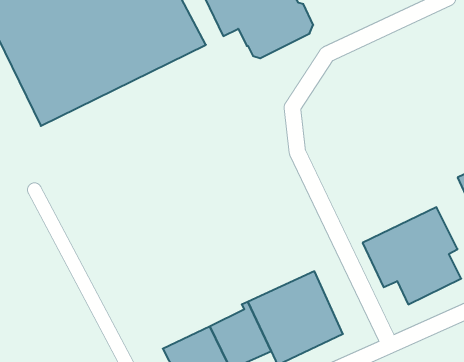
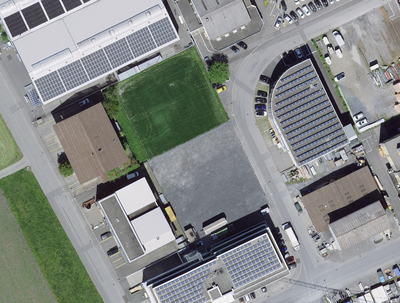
building: none -> [271,61,348,166]
building: none -> [57,105,130,181]
building: none -> [96,177,173,262]

